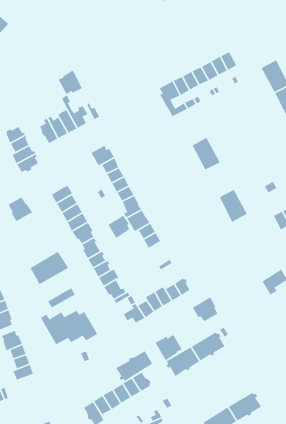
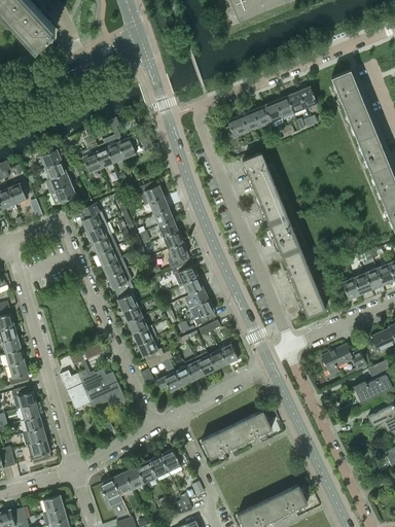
building: none -> [331,70,363,109]
building: [58,70,83,95] -> none
building: none -> [242,152,274,191]
building: none -> [267,215,299,254]
building: [7,196,33,222] -> [78,203,107,233]
building: none -> [293,278,325,317]
building: [108,215,130,239] -> [189,300,215,326]
building: [29,251,69,285] -> none
building: [192,296,218,322] -> none
building: [155,334,183,361] -> none
building: [115,350,153,382] -> none
building: none -> [28,440,51,464]

